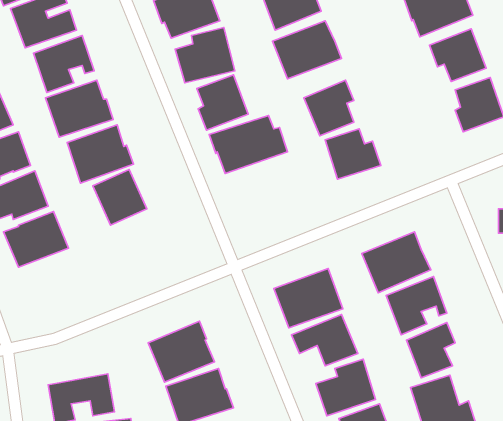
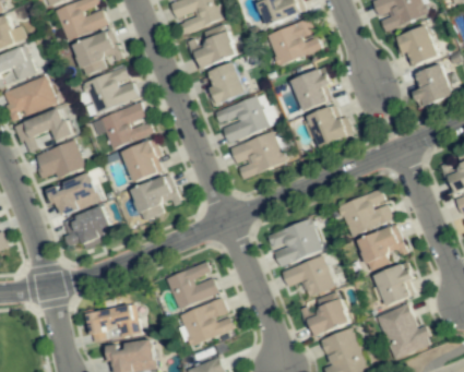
building: none -> [230,131,286,179]
building: none -> [131,175,182,221]
building: none -> [61,205,110,249]

